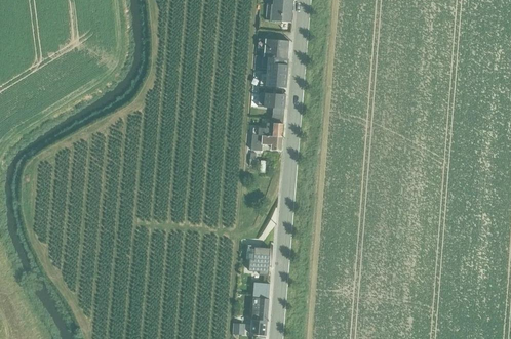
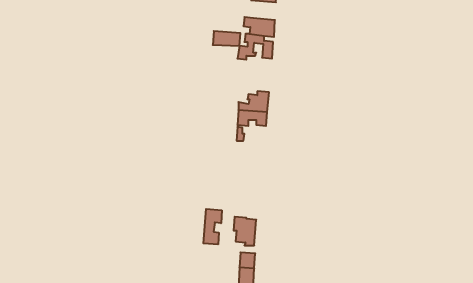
building: [260,89,288,104] -> [213,31,240,46]
building: none -> [203,209,222,244]

